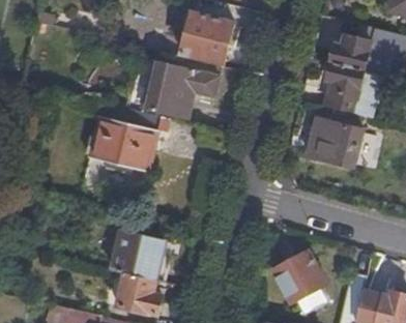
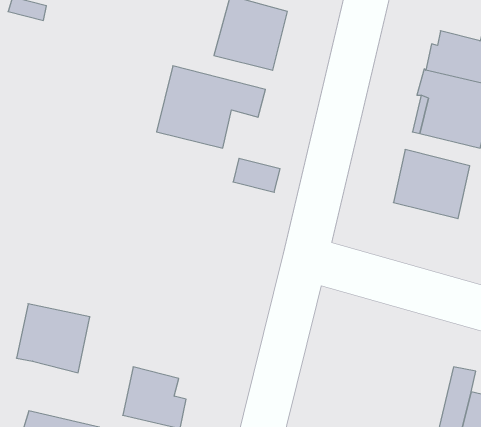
building: [88,101,169,172] -> none
building: [113,232,165,281] -> [16,304,90,373]
building: [271,252,325,303] -> none

